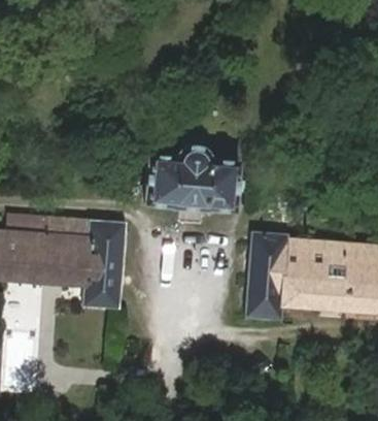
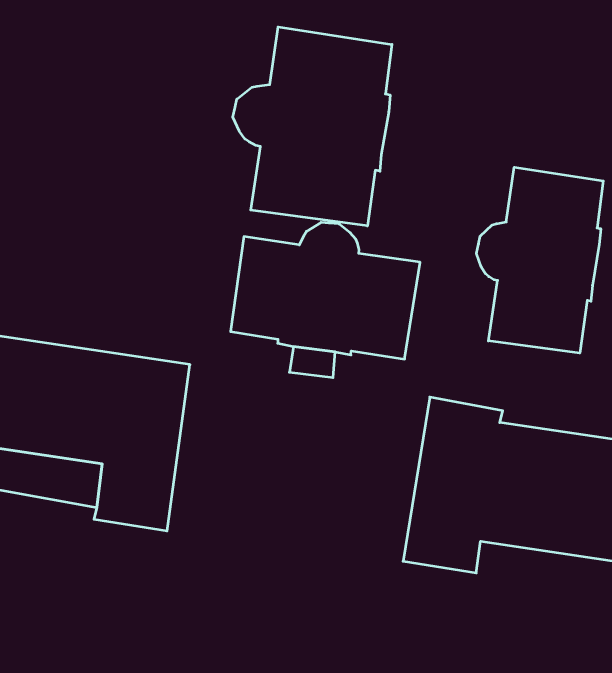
building: none -> [233,27,392,226]
building: none -> [476,167,603,353]

